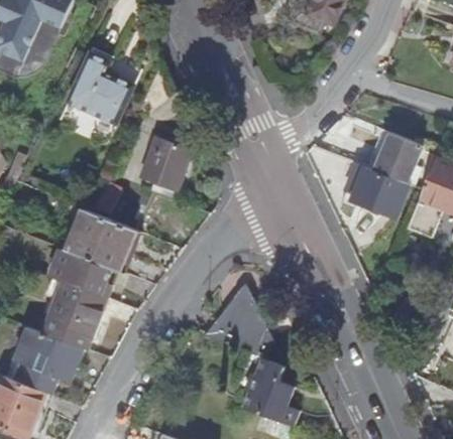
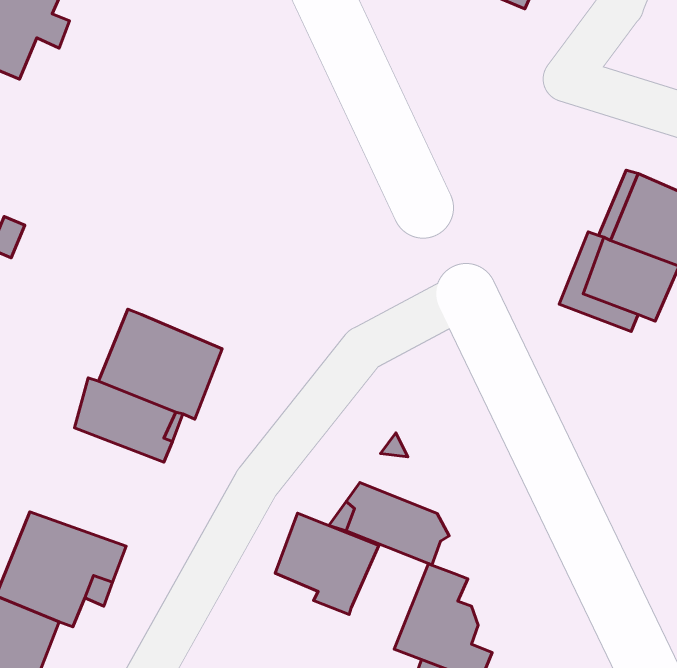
building: [67,52,133,124] -> none
building: [141,136,192,189] -> none
building: [45,278,107,348] -> none
building: none -> [275,513,379,615]

